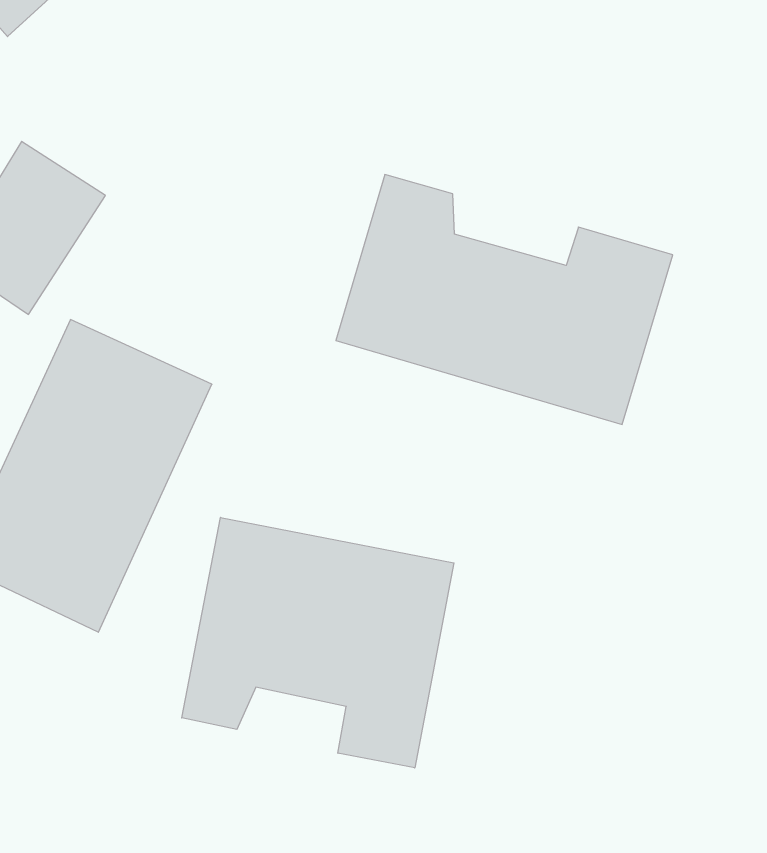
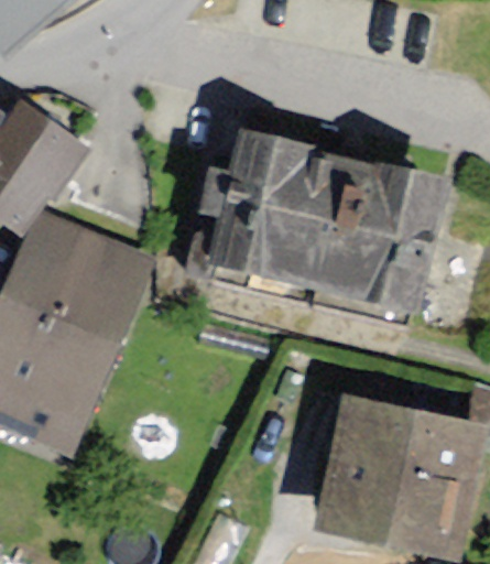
building: [182,517,454,768] -> none
building: none -> [320,400,473,549]

